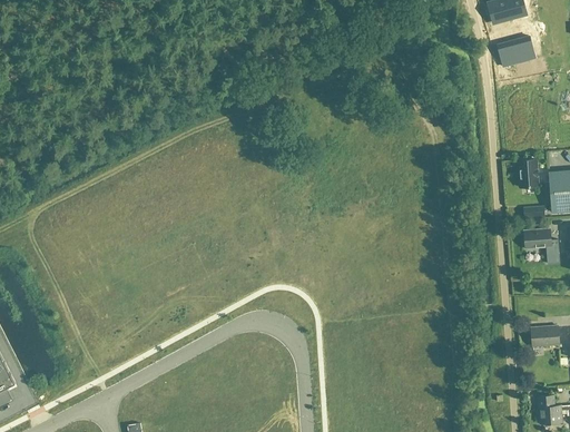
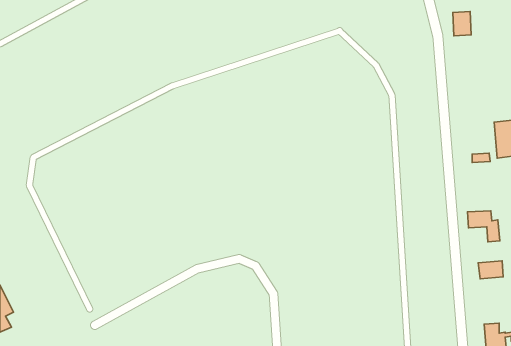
building: [520,158,539,186] -> none
building: [525,228,561,263] -> [468,211,500,242]

